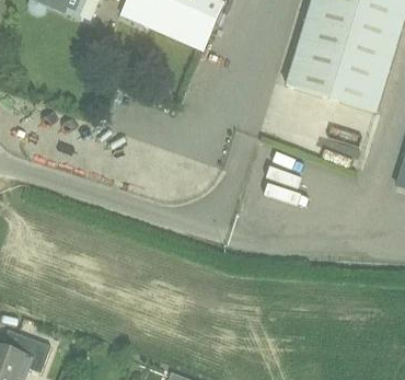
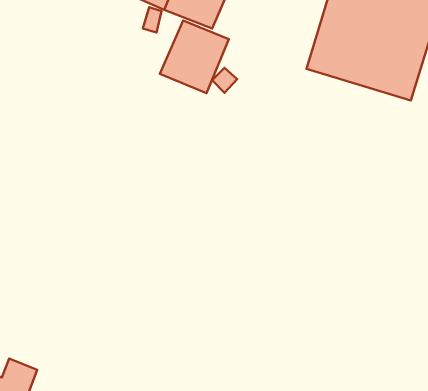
building: none -> [160,21,229,93]

